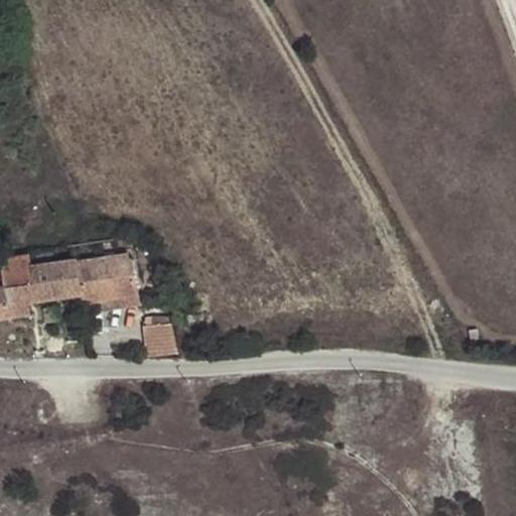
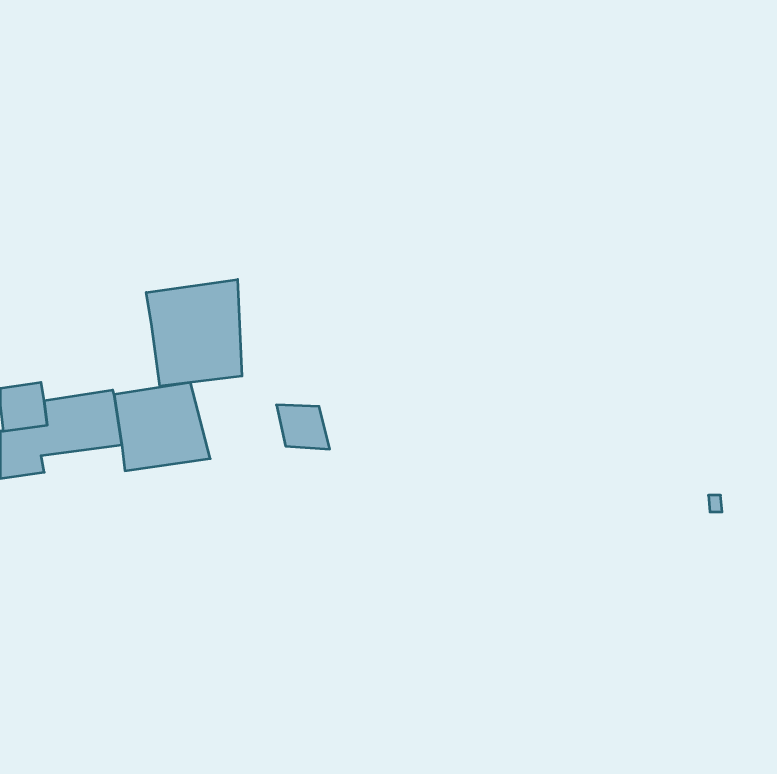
building: none -> [146,279,242,386]
building: [143,325,178,354] -> [276,405,330,449]

